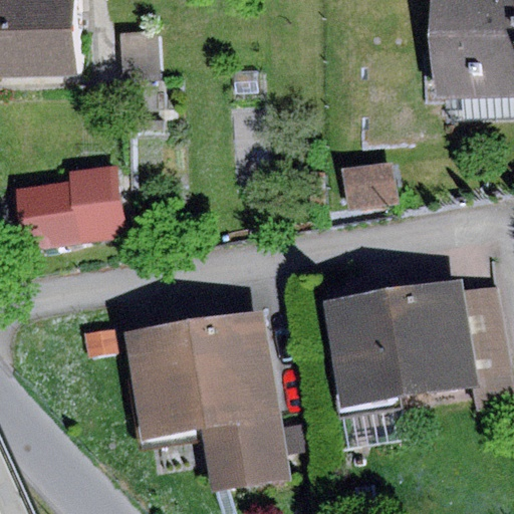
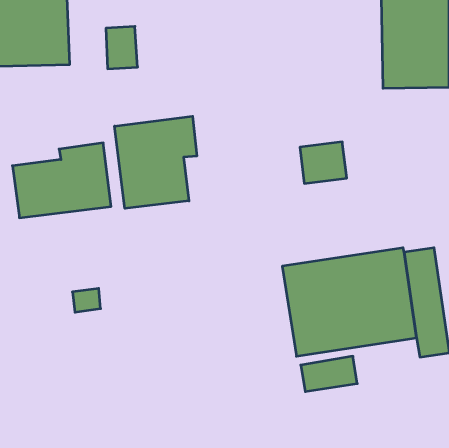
building: none -> [115,116,197,208]
building: [127,309,289,492] -> none

